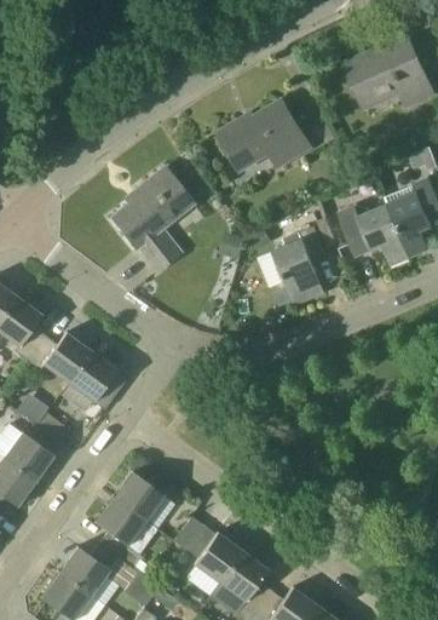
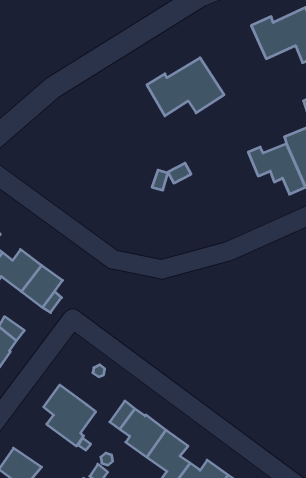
building: [111,168,192,271] -> none
building: [258,226,327,305] -> none
building: [114,471,165,521] -> none
building: [58,544,138,596] -> none

